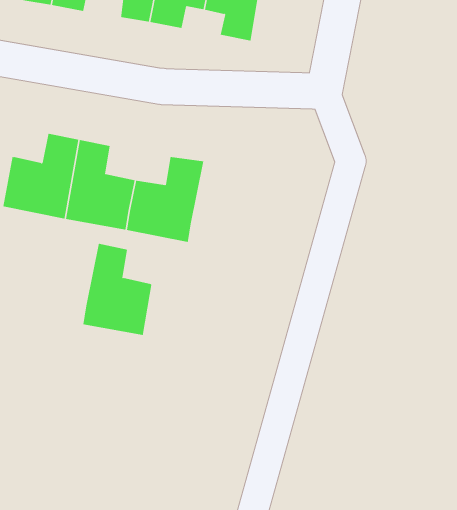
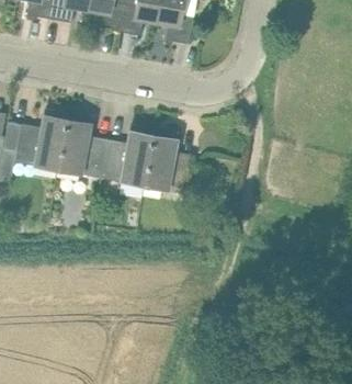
building: [83,243,153,335] -> [145,129,194,194]

